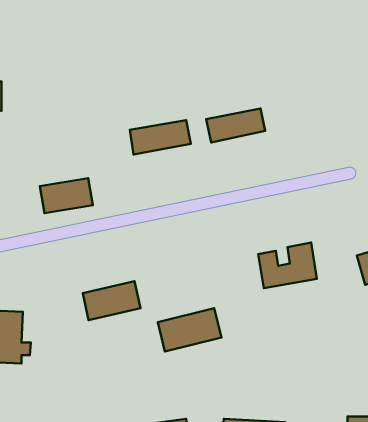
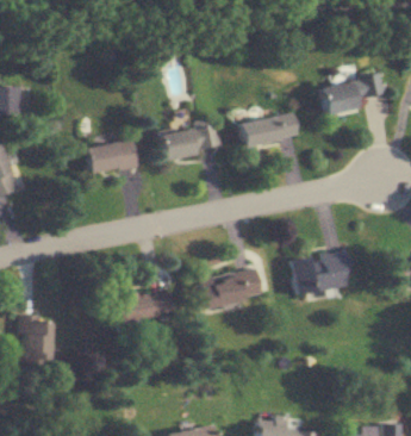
building: none -> [319,73,385,114]
building: [40,178,93,213] -> [87,138,141,174]
building: [158,308,221,352] -> [199,264,263,309]

